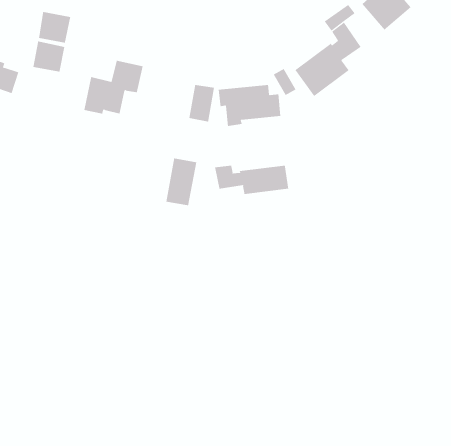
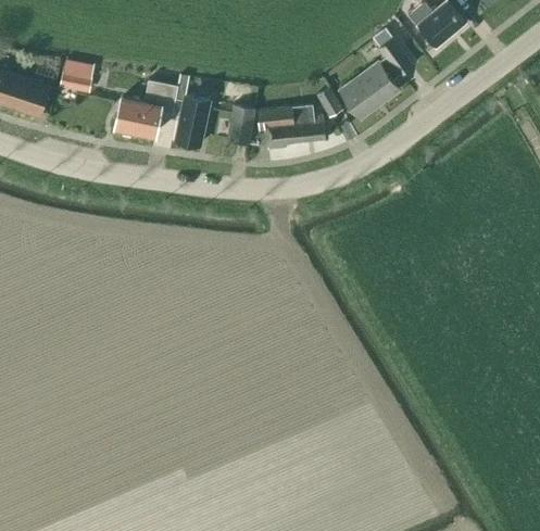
building: [38,11,71,43] -> none
building: [165,158,197,206] -> [175,94,209,146]
building: [215,165,289,195] -> none

